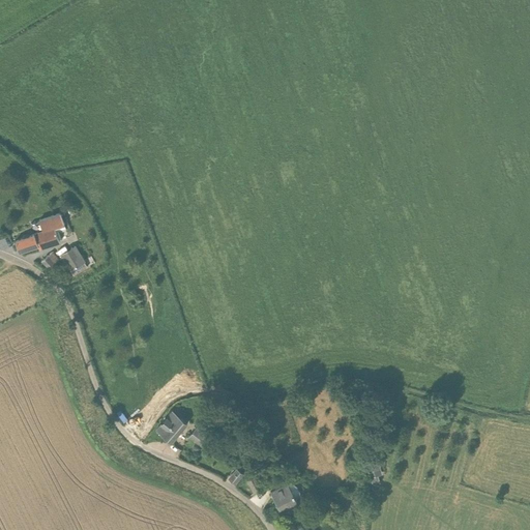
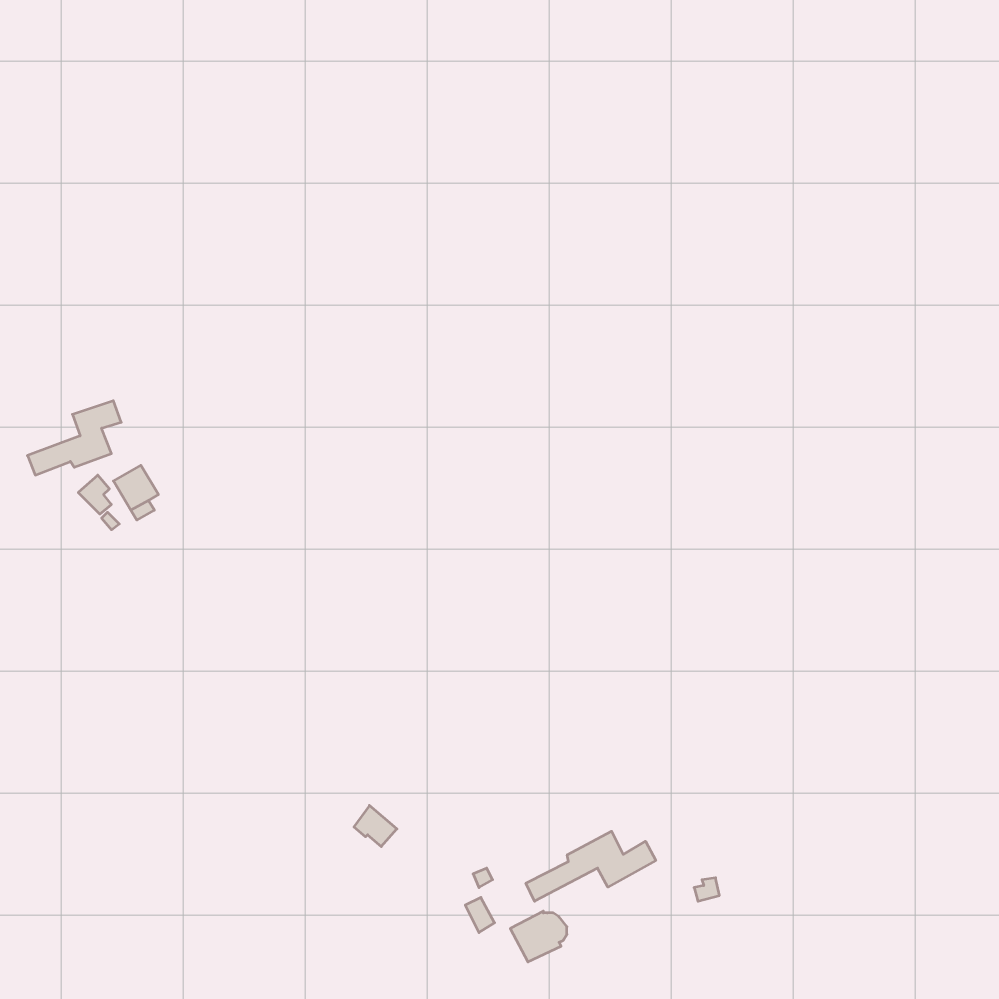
building: [156,413,185,441] -> none
building: none -> [526,831,656,901]

